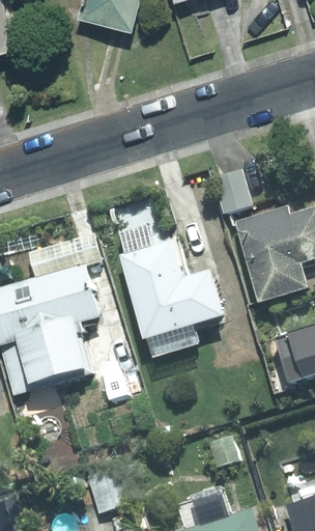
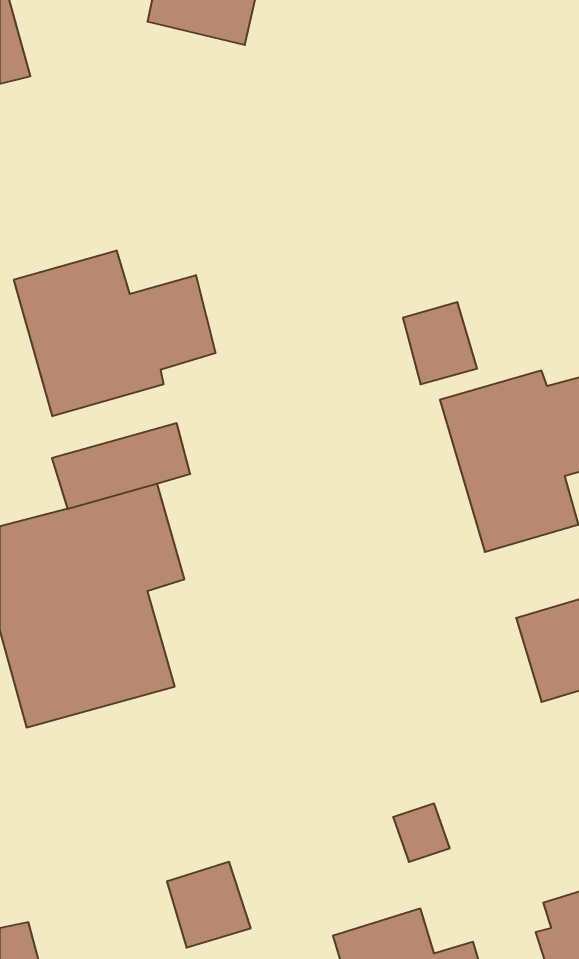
building: none -> [14,250,216,416]
building: [118,225,224,356] -> none

